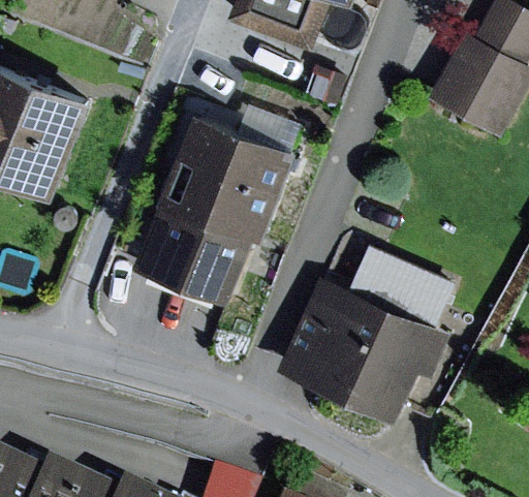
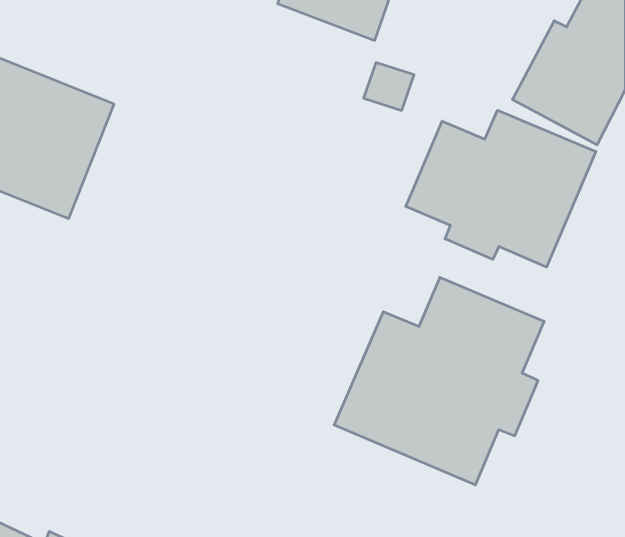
building: none -> [406,110,596,267]
building: [135,111,300,303] -> none

